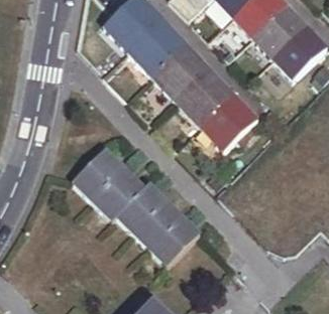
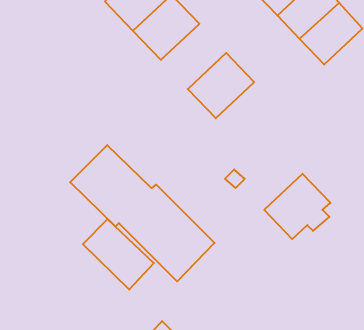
building: [151,44,208,101] -> none
building: [199,95,256,151] -> [264,174,331,239]
building: none -> [83,219,154,290]

